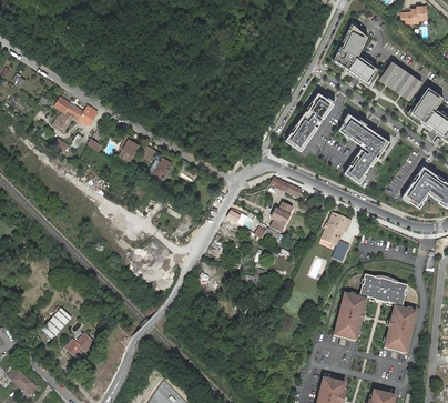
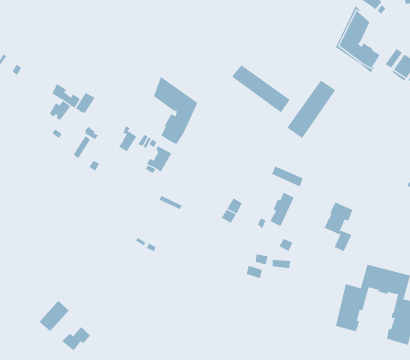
building: none -> [231,64,290,113]
building: none -> [153,76,198,145]
building: [338,113,389,182] -> none

